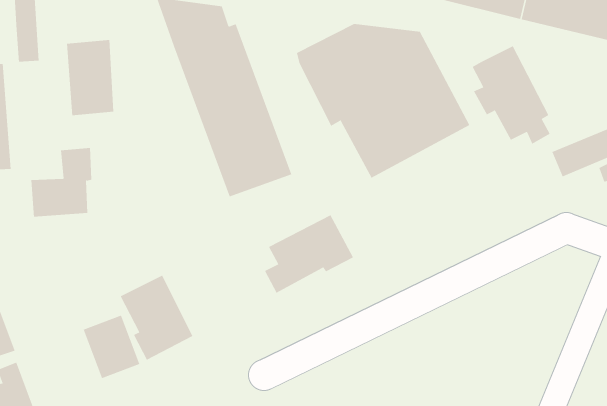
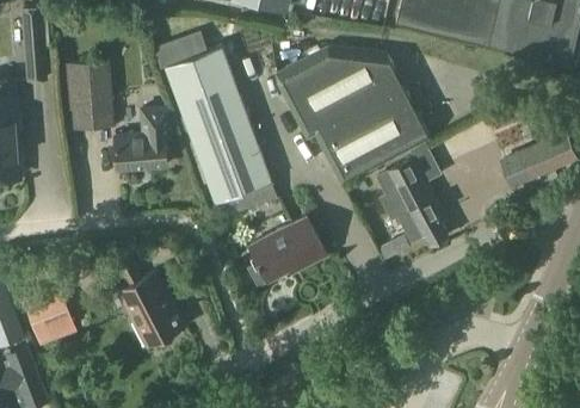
building: [472,46,551,145] -> [376,157,446,246]
building: [31,148,92,217] -> [115,109,169,171]
building: [83,315,140,379] -> [23,288,74,345]

